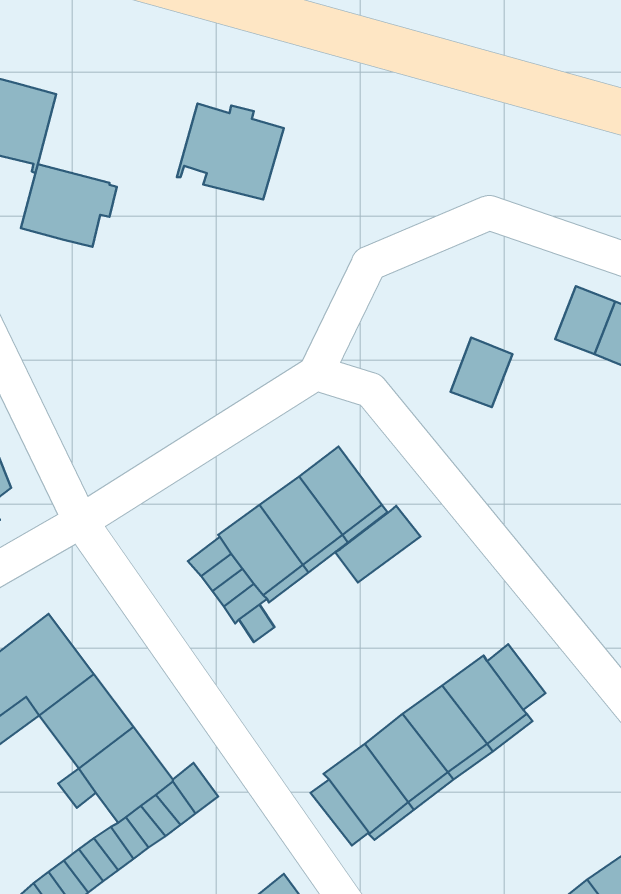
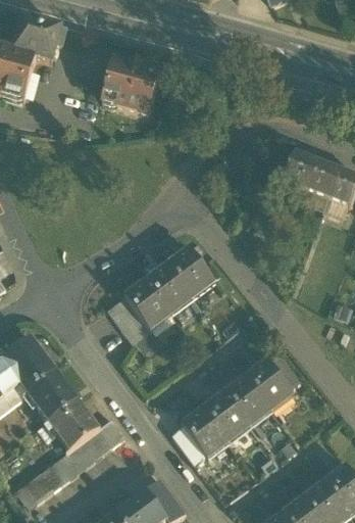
building: [21,164,117,247] -> [13,15,65,60]
building: [450,337,512,407] -> [284,151,317,189]
building: [335,506,420,582] -> none

